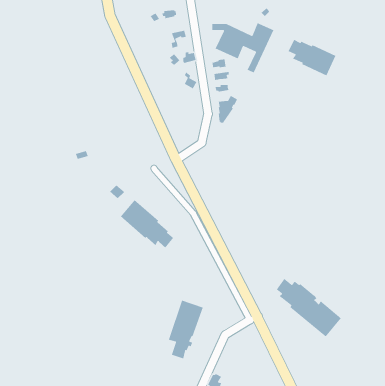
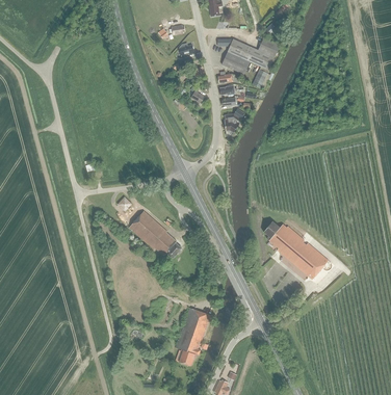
building: [287,39,337,77] -> none
building: [276,278,342,338] -> [263,220,328,279]

